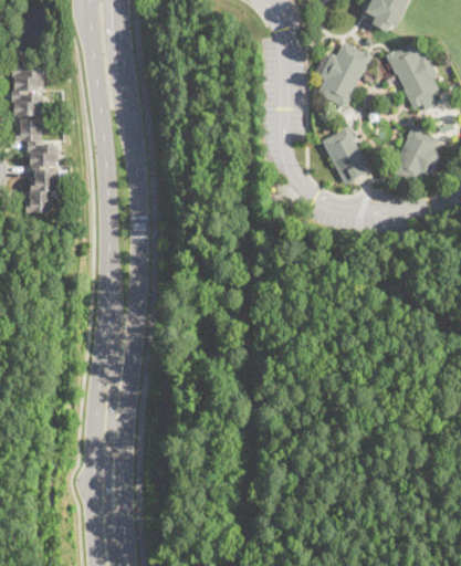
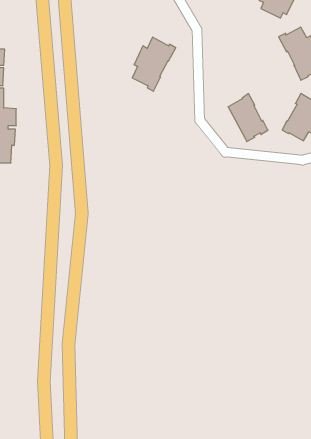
building: [317,42,371,109] -> [132,37,176,91]

